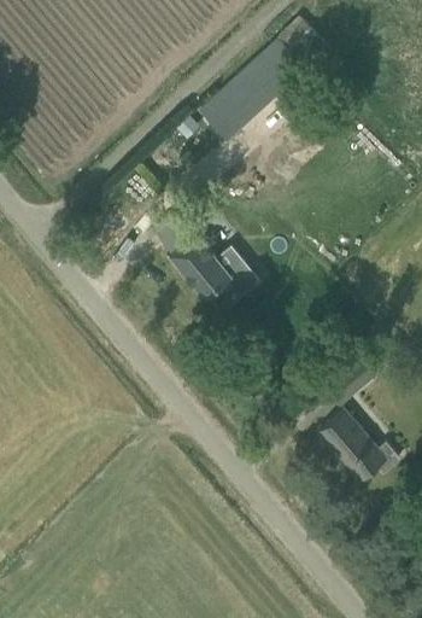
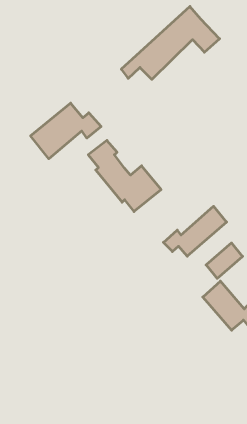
building: none -> [31,103,101,159]
building: none -> [163,206,227,256]

